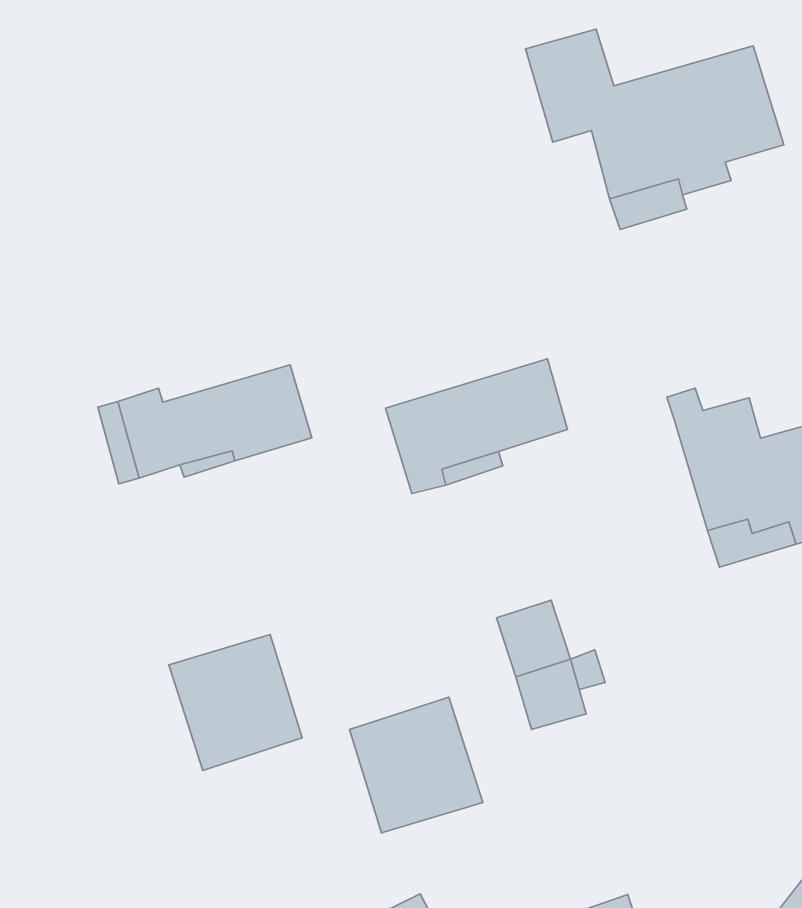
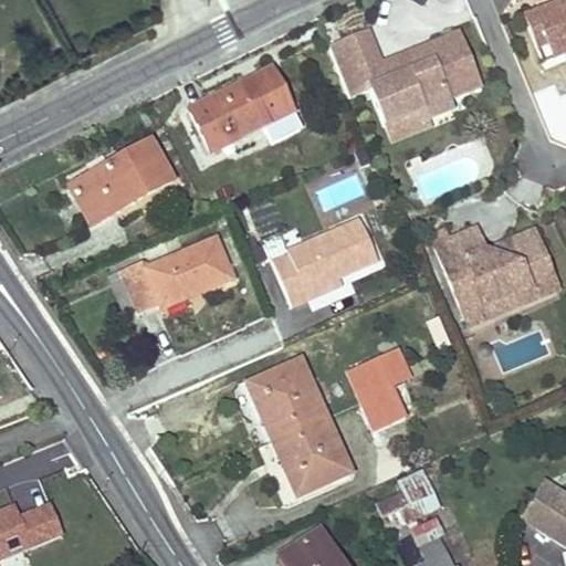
building: none -> [191,67,293,147]
building: none -> [72,140,169,221]
building: [169,635,302,770] -> [247,358,326,439]
building: none -> [368,467,440,520]

